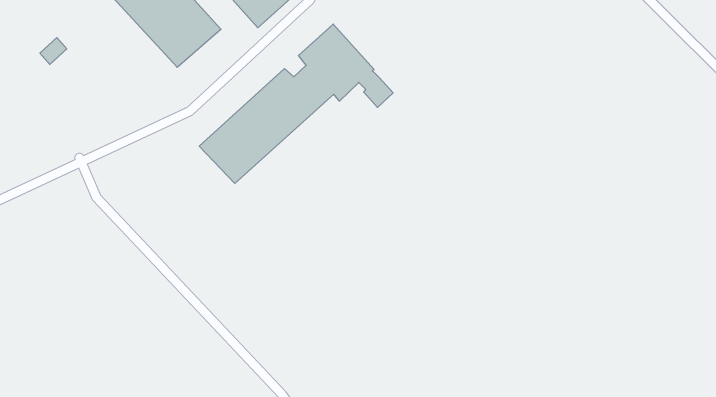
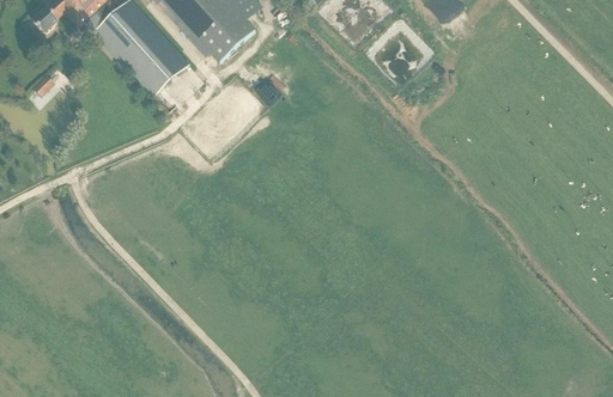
building: [199,24,393,183] -> none

